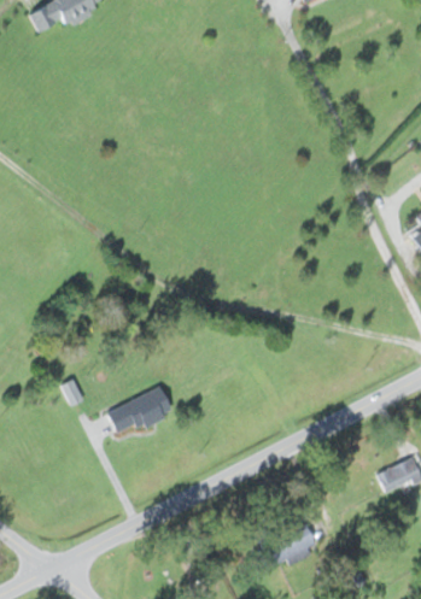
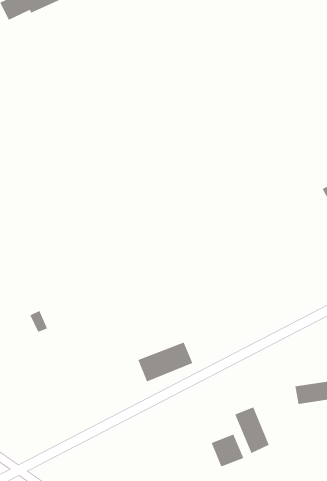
building: [106,388,173,436] -> [138,342,193,382]
building: none -> [235,406,270,454]

